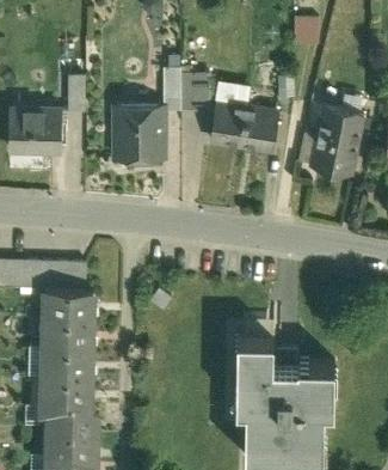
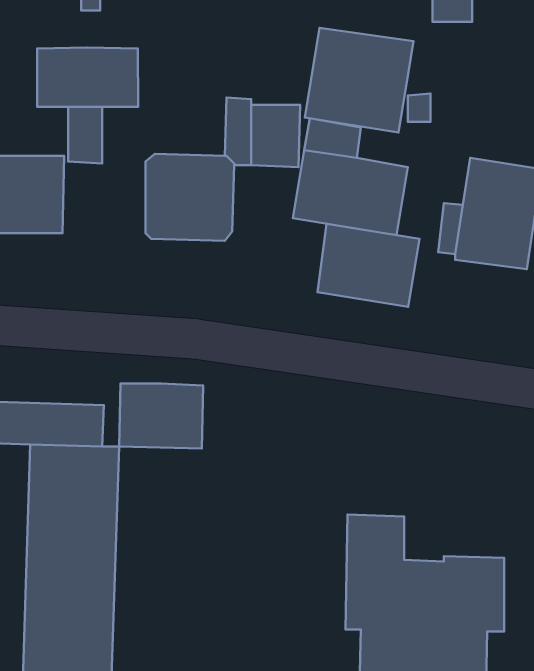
building: none -> [305,28,414,133]
building: none -> [37,47,138,107]
building: none -> [317,224,419,307]
building: none -> [119,383,203,449]

